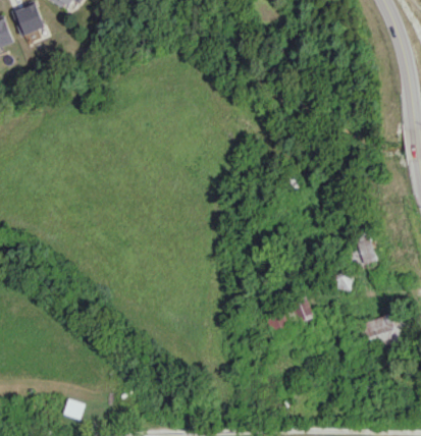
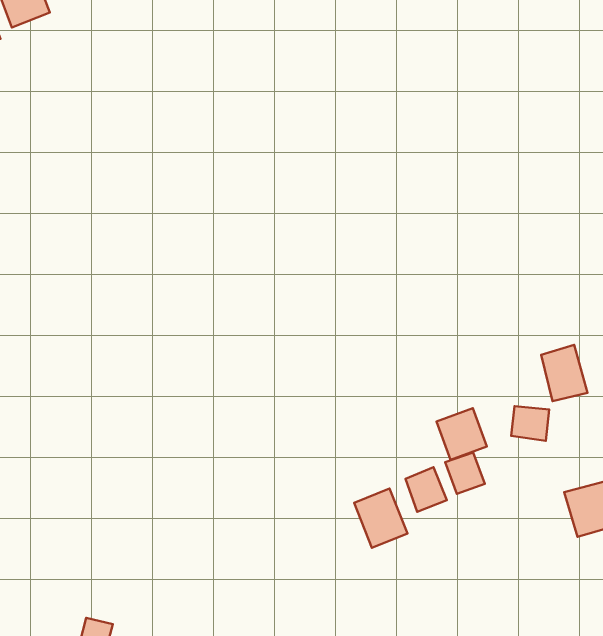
building: none -> [436,408,487,460]
building: none -> [354,488,407,548]

